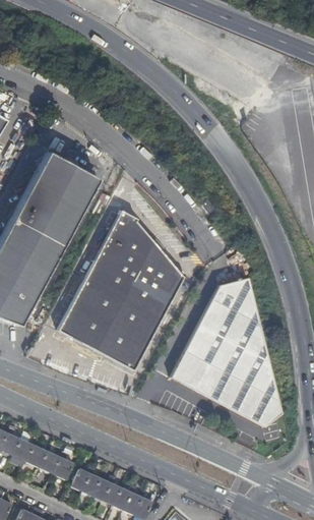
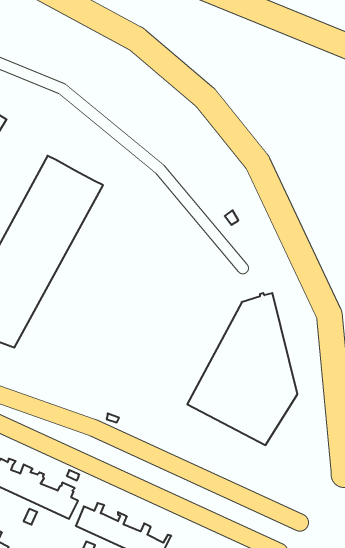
building: [59,210,184,370] -> none
building: [242,367,282,425] -> none

